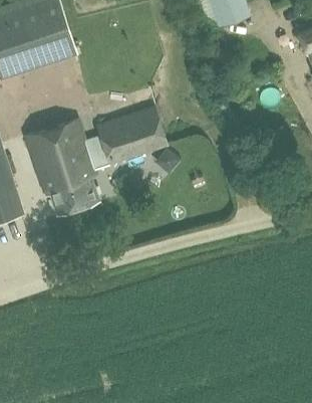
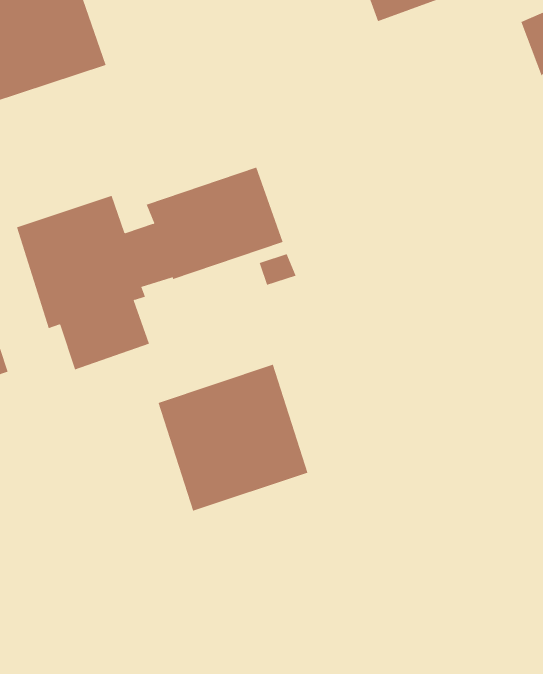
building: none -> [158,364,308,512]

